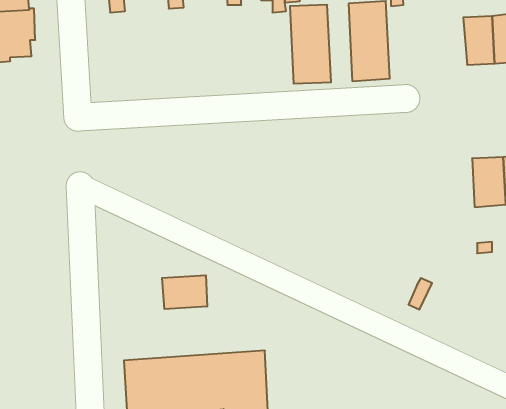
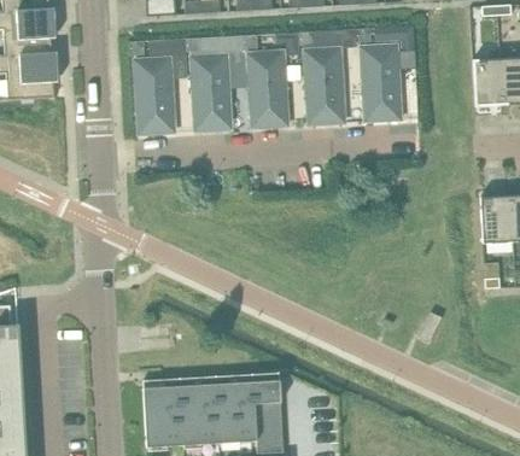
building: none -> [249,49,290,127]
building: none -> [192,53,233,130]
building: none -> [135,57,176,133]
building: [162,275,207,309] -> none

